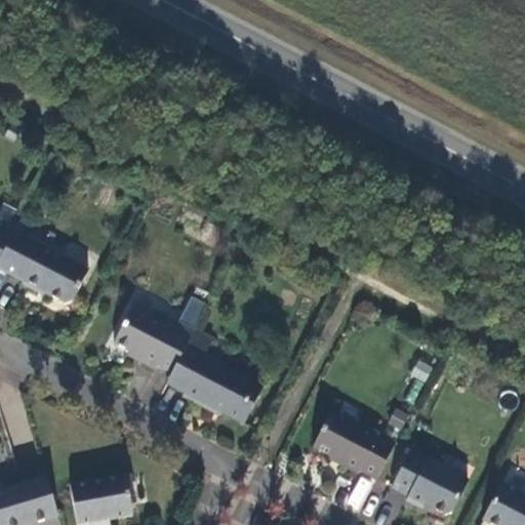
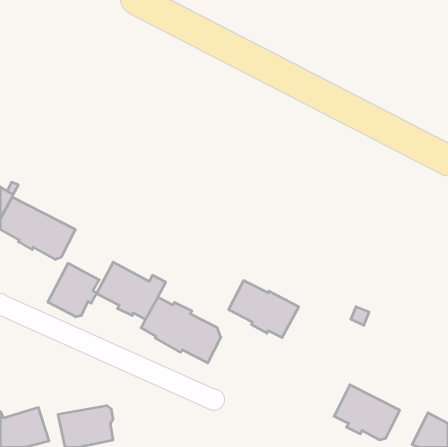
building: none -> [48,263,99,317]
building: [313,412,395,479] -> [229,281,299,338]

